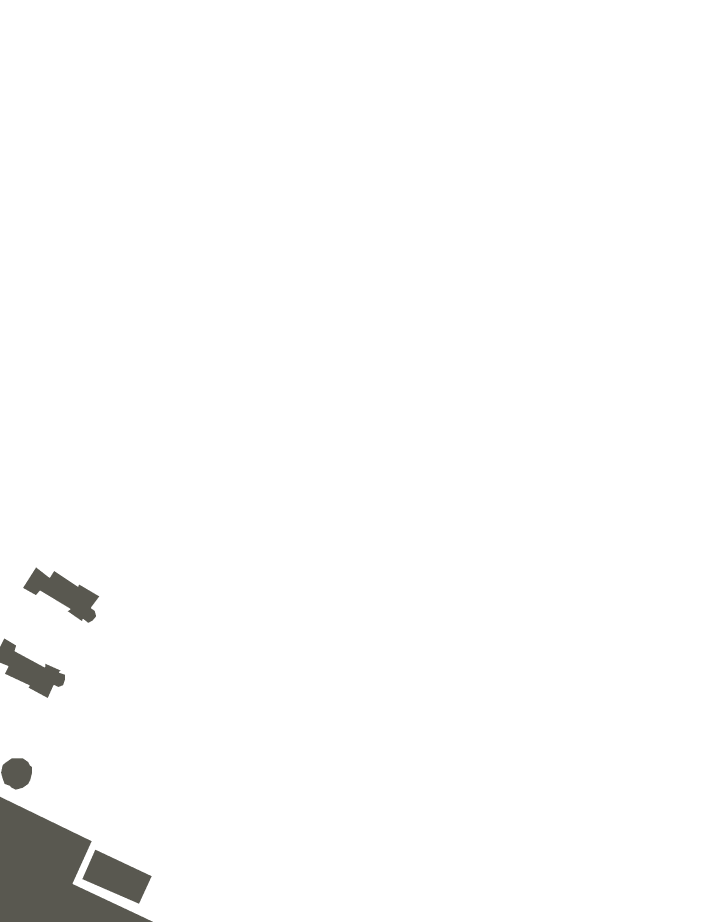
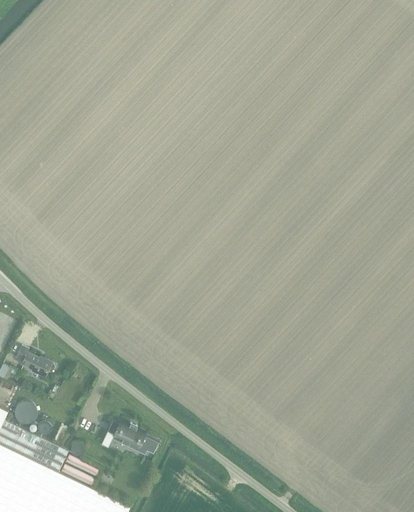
building: [22,566,100,624] -> none
building: none -> [105,421,158,456]

